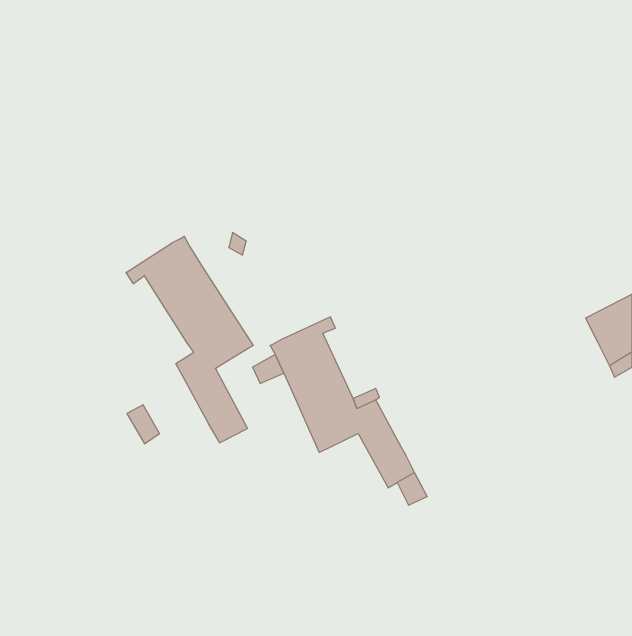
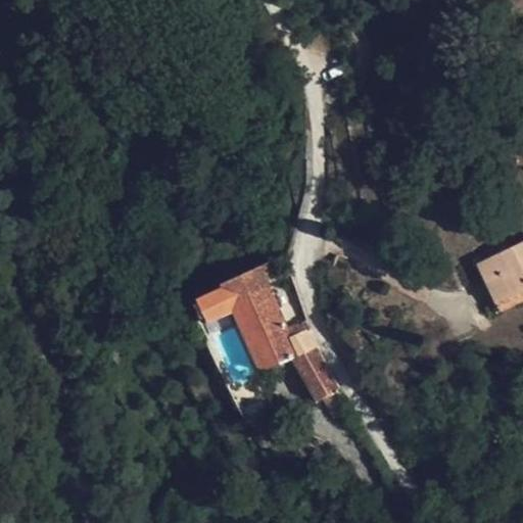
building: [126,236,253,443] -> none

